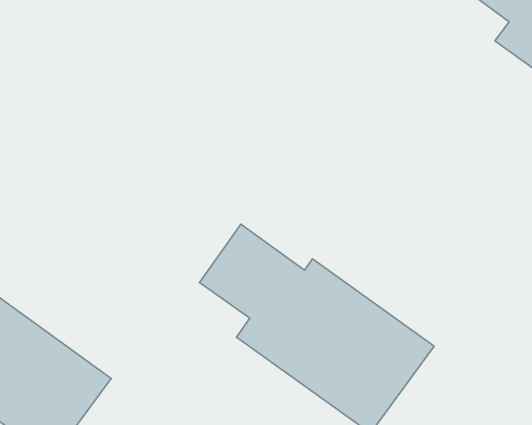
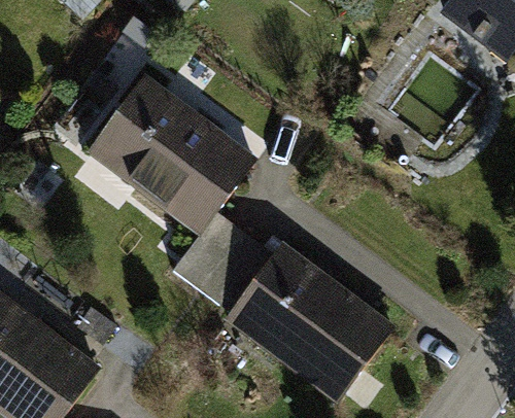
building: none -> [83,75,263,240]

